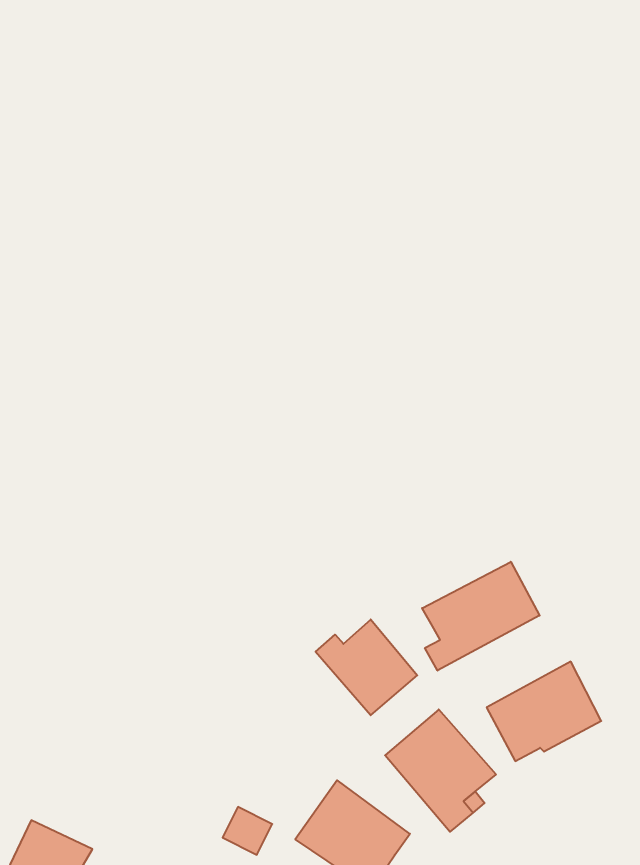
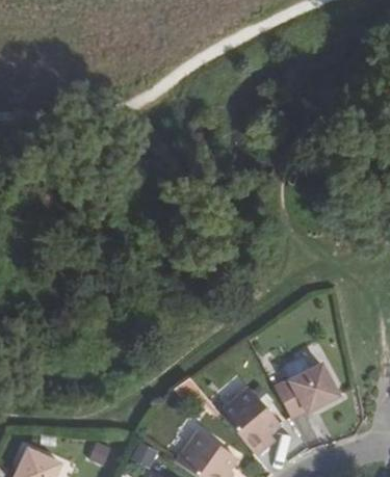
building: [422,562,540,671] -> none
building: [316,619,417,715] -> none

